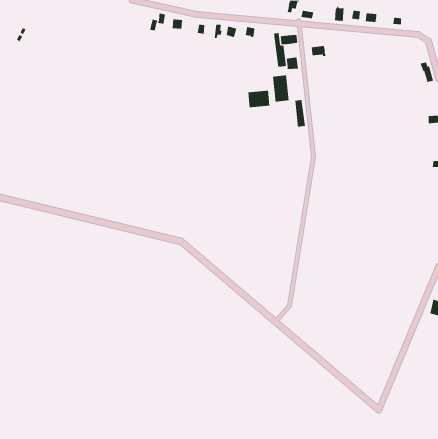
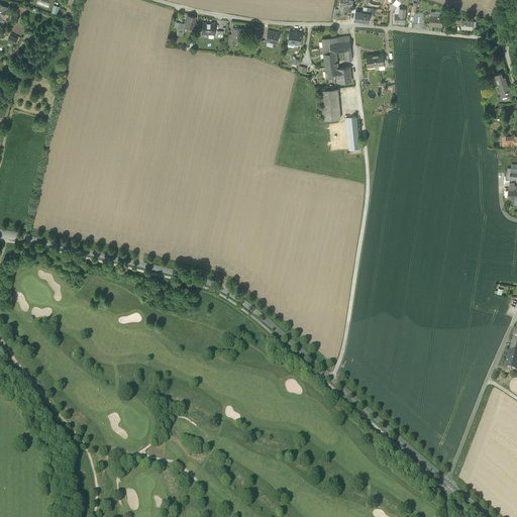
building: [248,90,270,108] -> none

